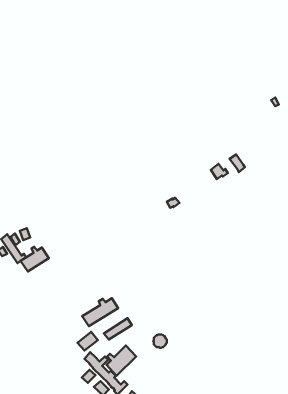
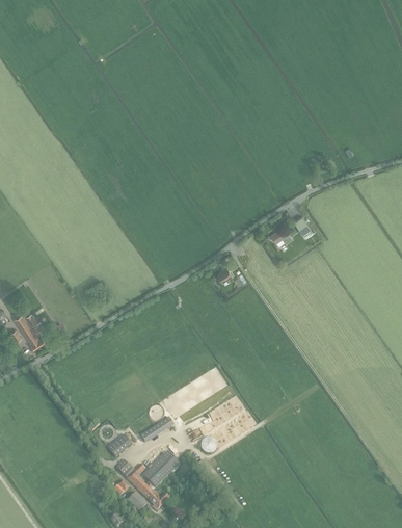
building: [21,247,49,271] -> none
building: [82,298,118,326] -> none

